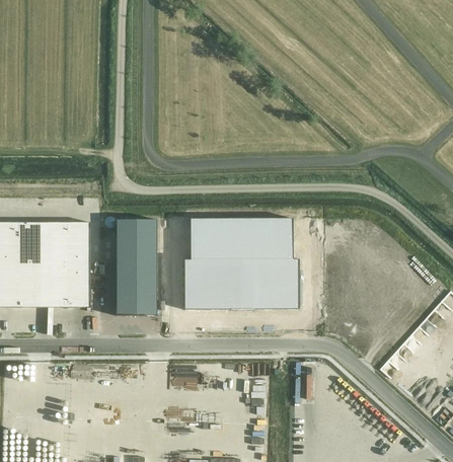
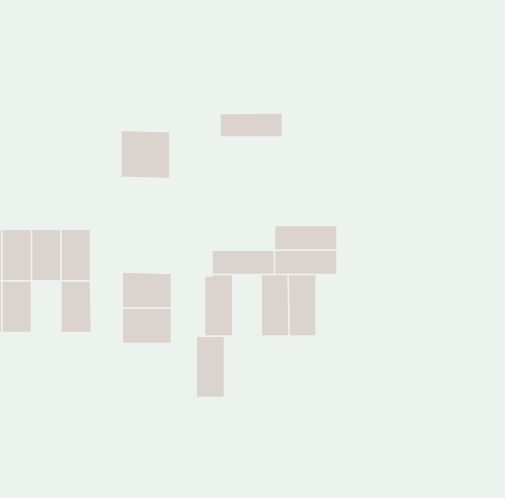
building: [116,218,156,257] -> [121,131,170,179]
building: [190,218,241,238] -> [220,113,282,137]
building: [207,258,230,309] -> [196,336,224,397]
building: [276,258,299,309] -> none
building: [41,263,65,306] -> none

